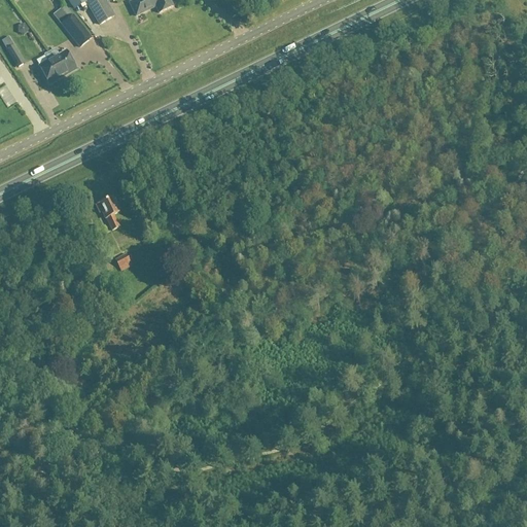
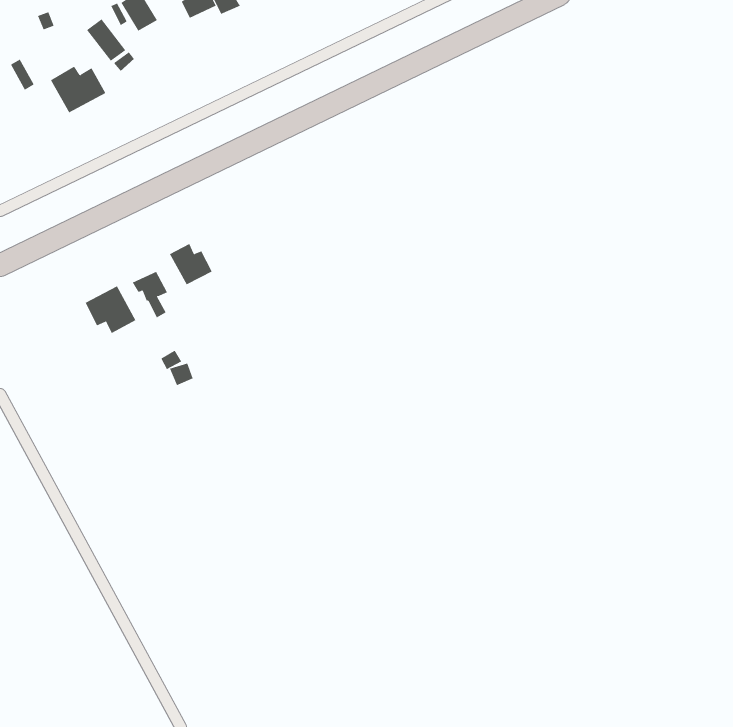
building: none -> [169,243,212,285]
building: none -> [85,286,136,334]

